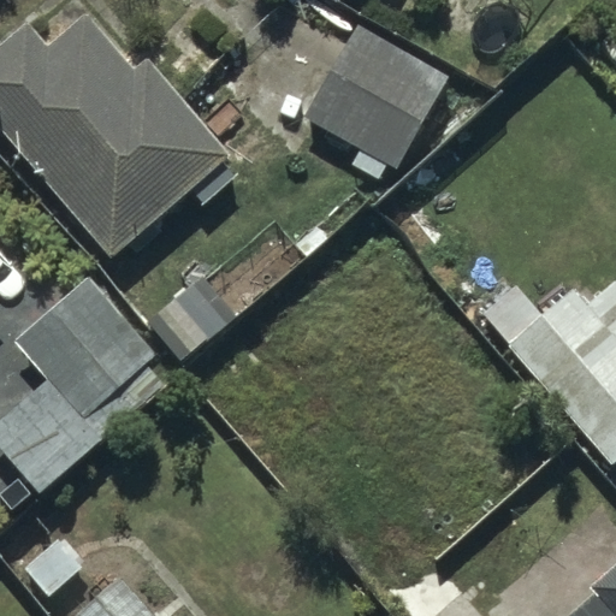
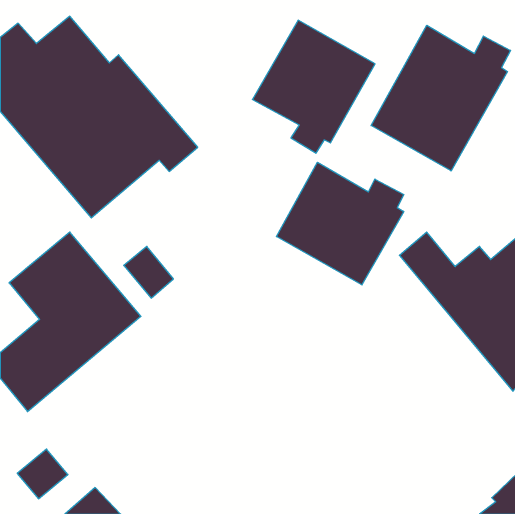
building: none -> [371,25,511,171]
building: none -> [276,162,404,285]

